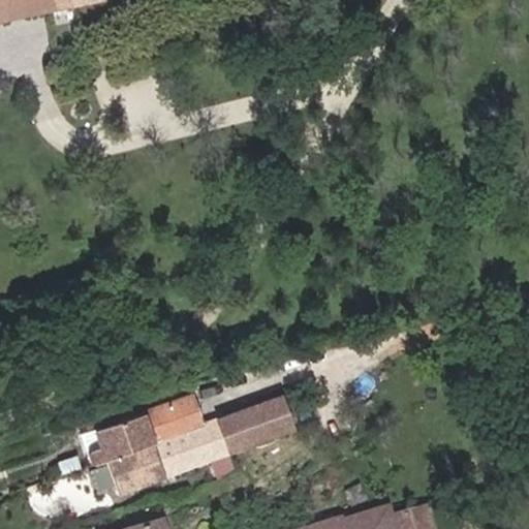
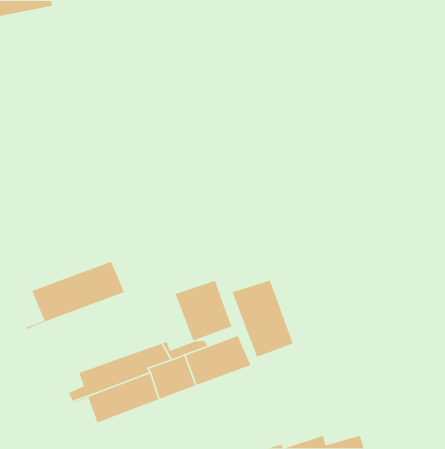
building: none -> [25,261,125,330]
building: none -> [231,279,294,358]
building: none -> [175,280,232,341]

